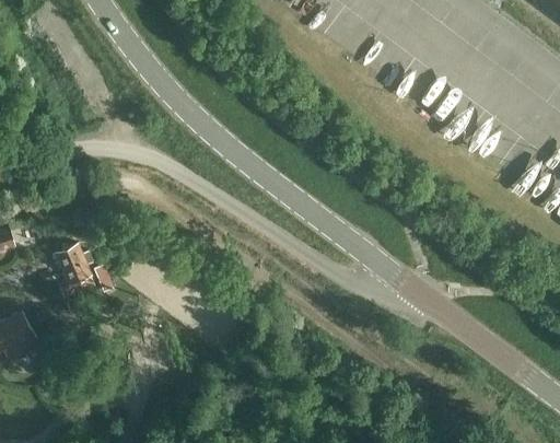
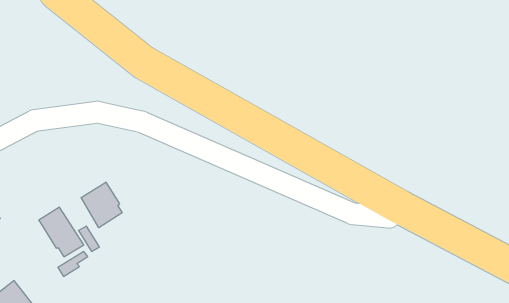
building: none -> [81,182,122,228]

